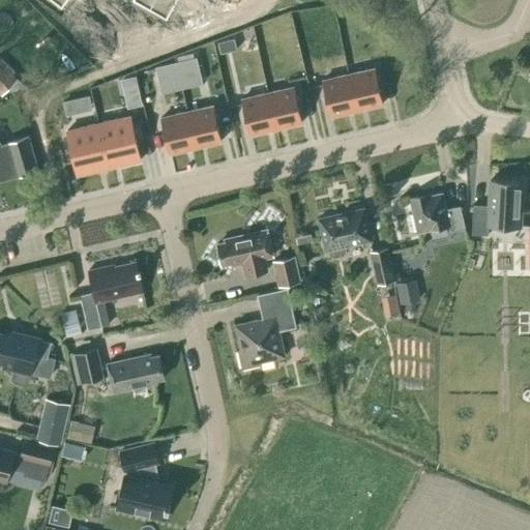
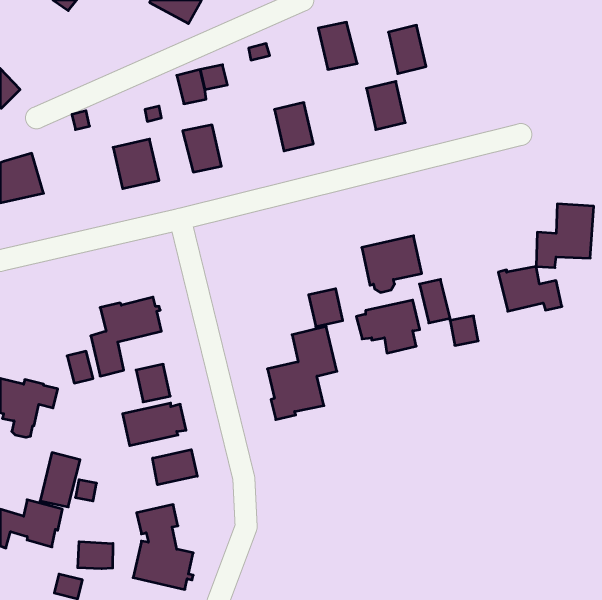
building: [348,67,381,110] -> [388,25,426,74]
building: [267,87,301,128] -> [318,22,357,69]
building: [186,106,220,148] -> none
building: [68,131,108,175] -> none
building: [409,195,465,234] -> [498,266,562,311]
building: [216,232,272,278] -> [356,300,420,353]
building: [71,351,101,384] -> [136,364,170,402]
building: none -> [153,450,197,485]
building: none -> [78,542,113,569]

